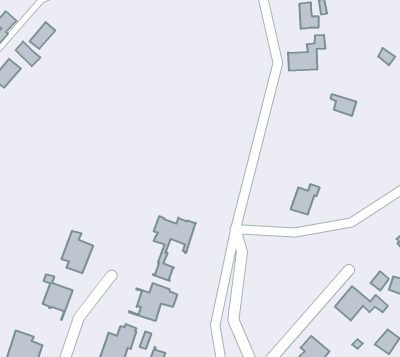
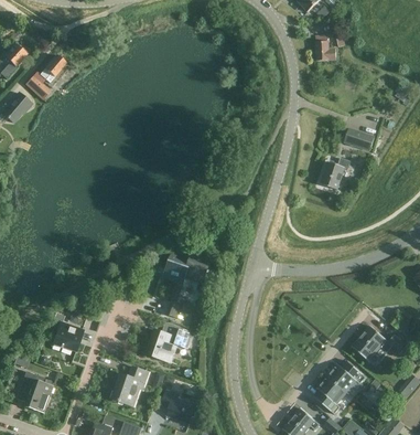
building: [288,35,325,71] -> none
building: [291,184,320,214] -> [320,159,349,190]
building: [62,231,93,273] -> none
building: none -> [327,361,366,392]

